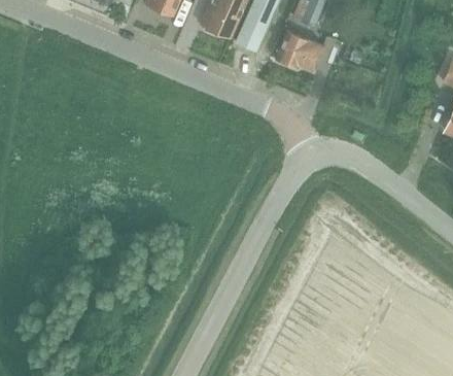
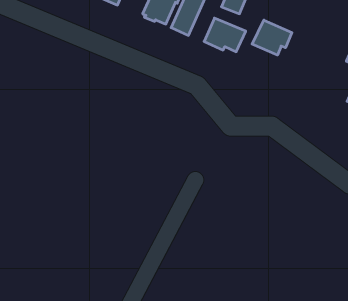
building: none -> [252,20,292,55]

